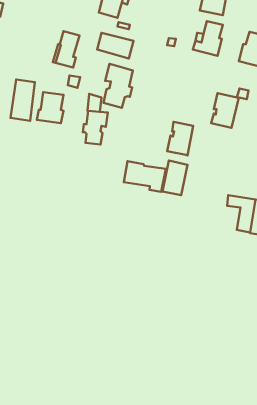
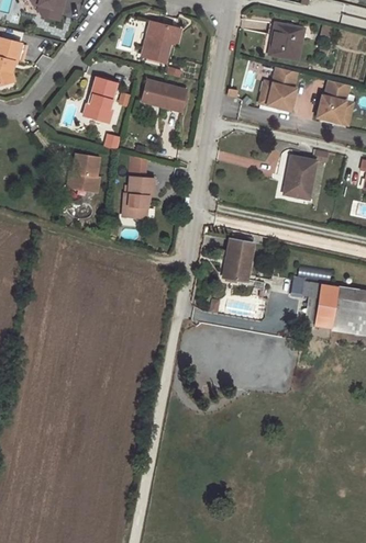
building: [104,64,133,108] -> none
building: [11,80,35,121] -> none
building: [167,122,193,156] -> none
building: [124,161,166,192] -> none

